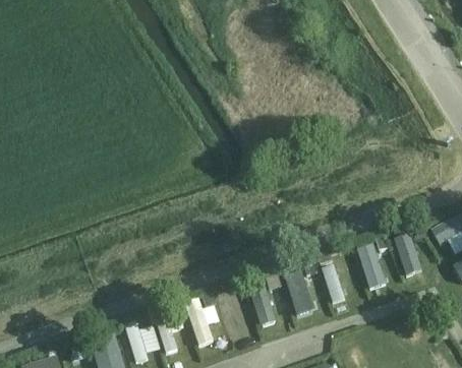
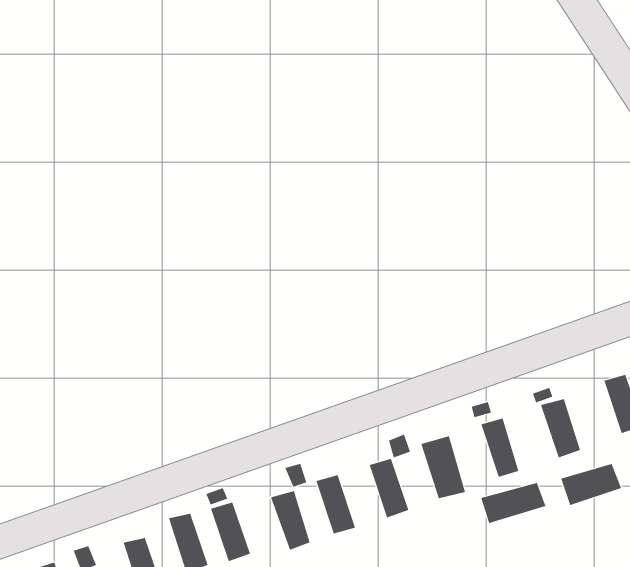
building: none -> [560,463,622,506]
building: none -> [480,482,546,524]

